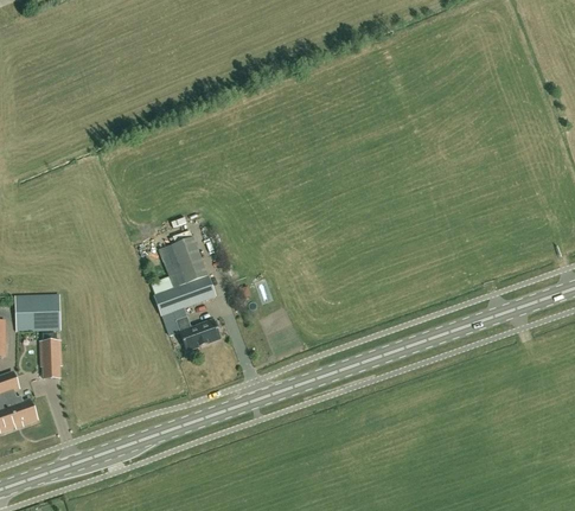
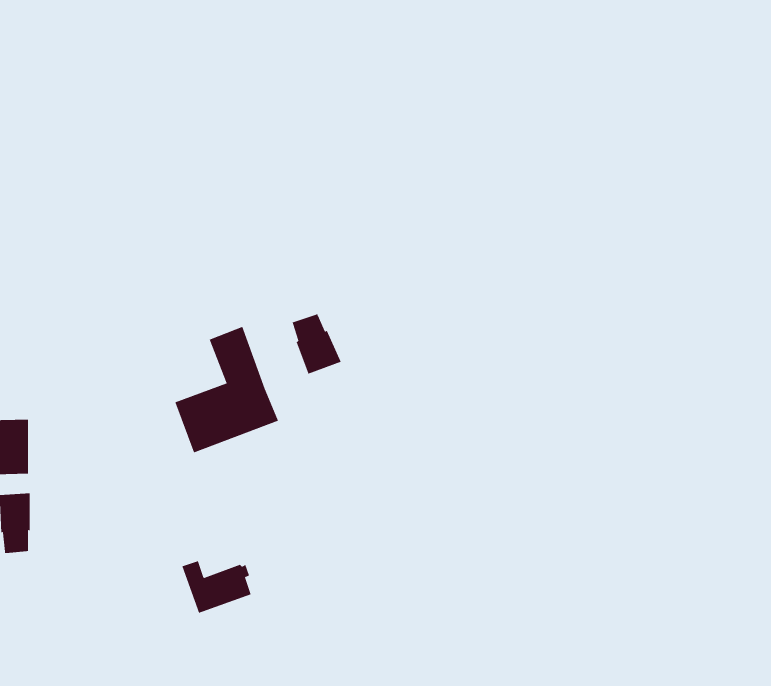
building: none -> [292,313,342,375]
building: [175,318,219,351] -> [181,560,252,613]

